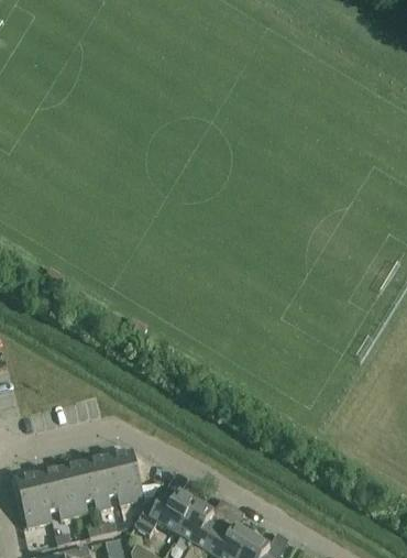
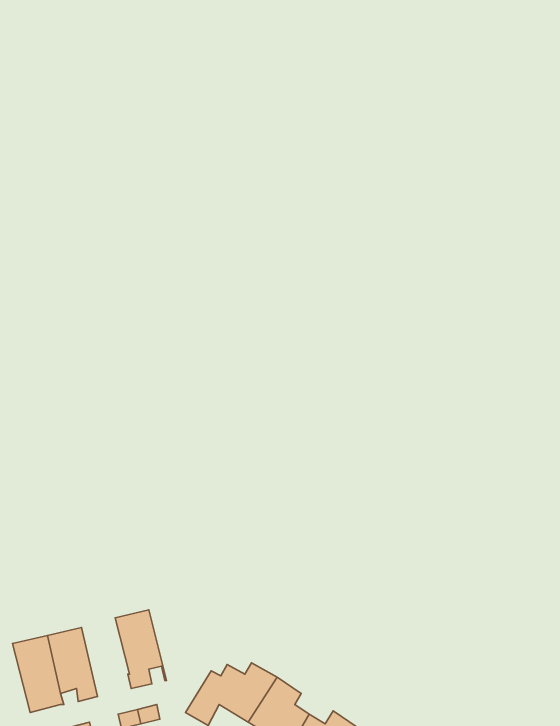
building: [109,450,145,504] -> none
building: [63,461,96,515] -> none

